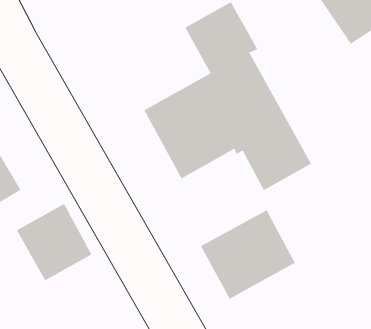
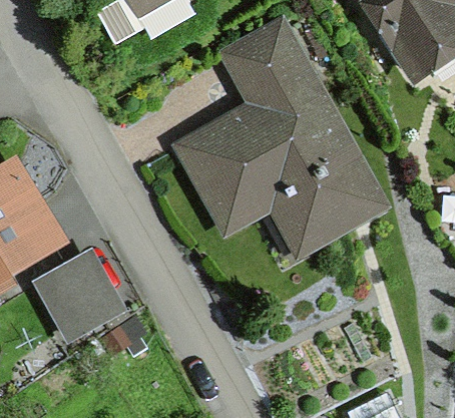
building: [200,210,295,300] -> none

